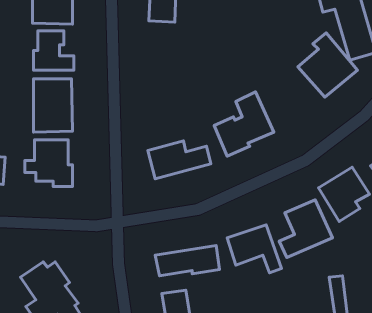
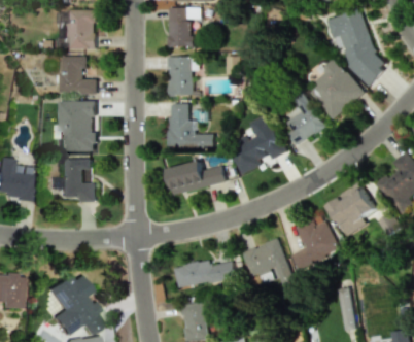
building: none -> [168,56,193,96]
building: none -> [284,94,326,145]
building: none -> [169,103,215,146]

